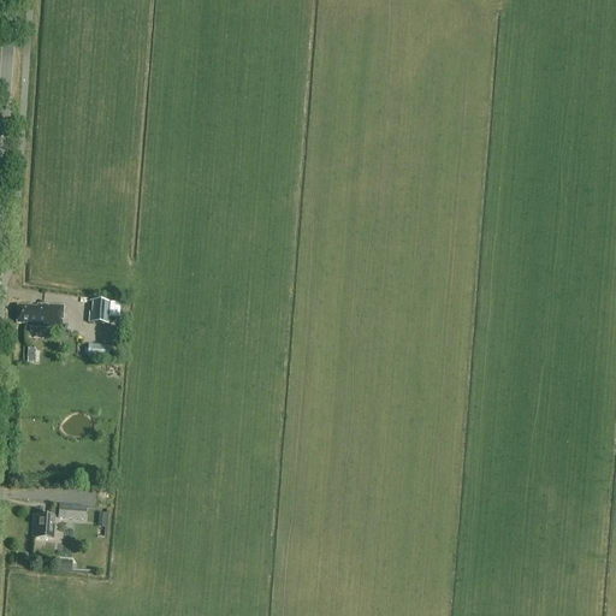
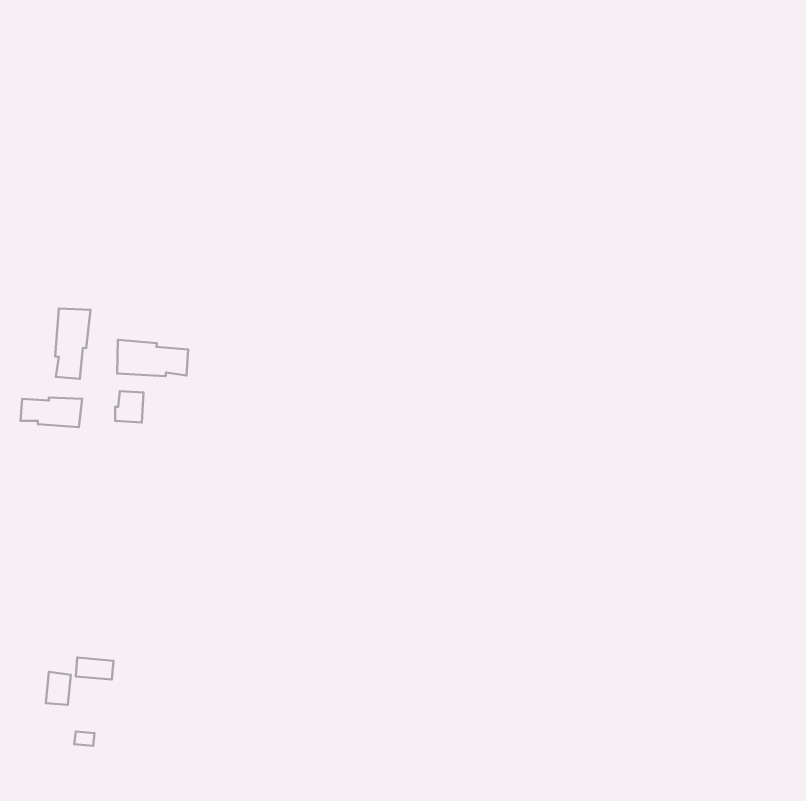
building: none -> [55,309,90,379]
building: none -> [117,340,188,376]

